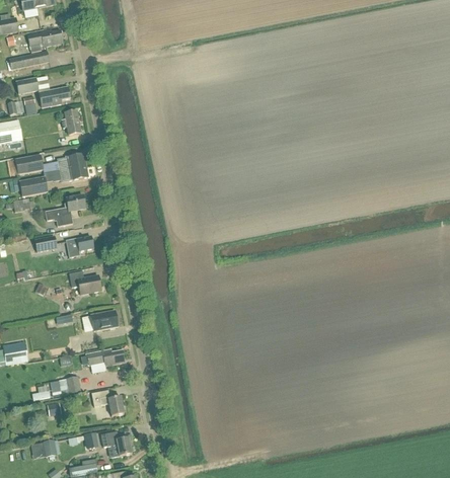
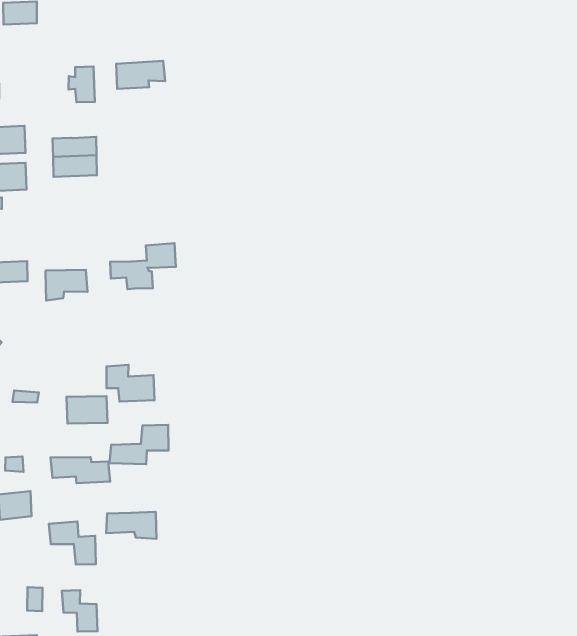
building: [39,86,70,107] -> [116,61,165,89]
building: [45,193,85,226] -> [110,243,176,289]
building: [69,270,101,294] -> [107,365,155,402]
building: none -> [109,425,168,464]
building: none -> [106,512,157,539]

